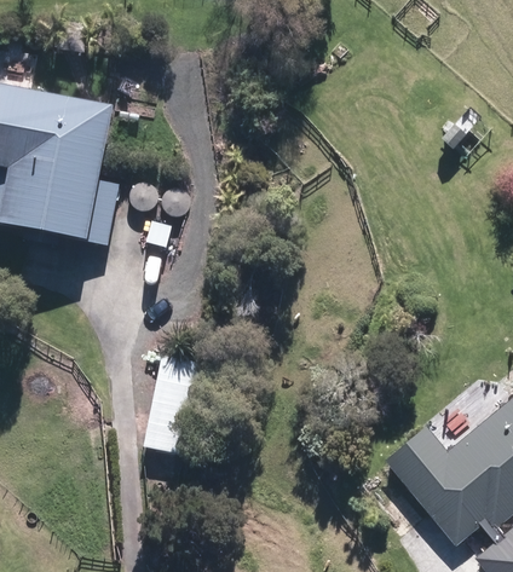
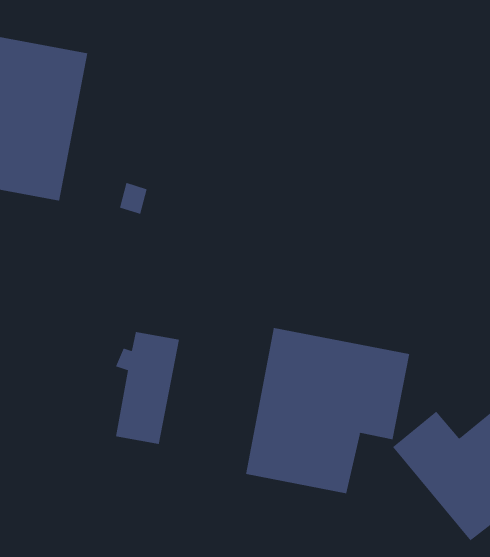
building: none -> [246,327,410,494]

